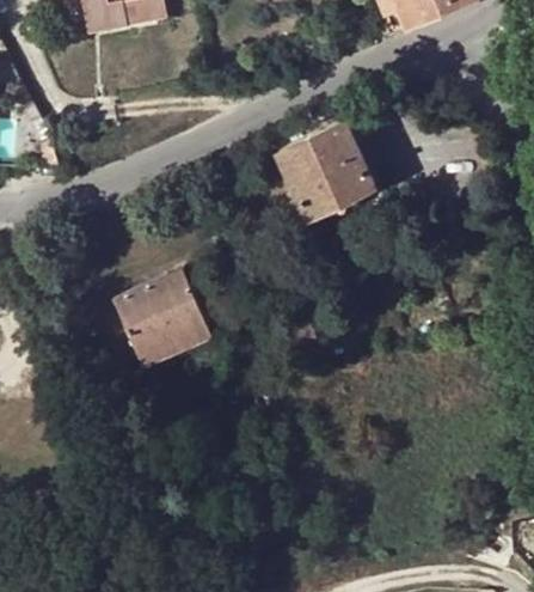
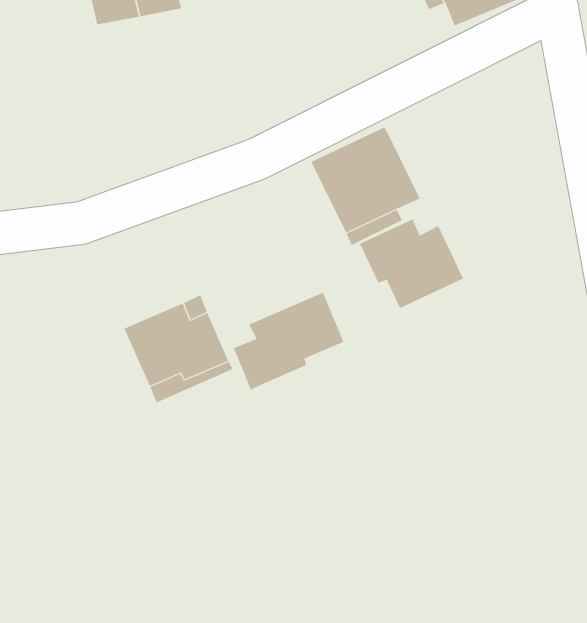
building: none -> [359,219,464,309]
building: none -> [233,292,344,390]

